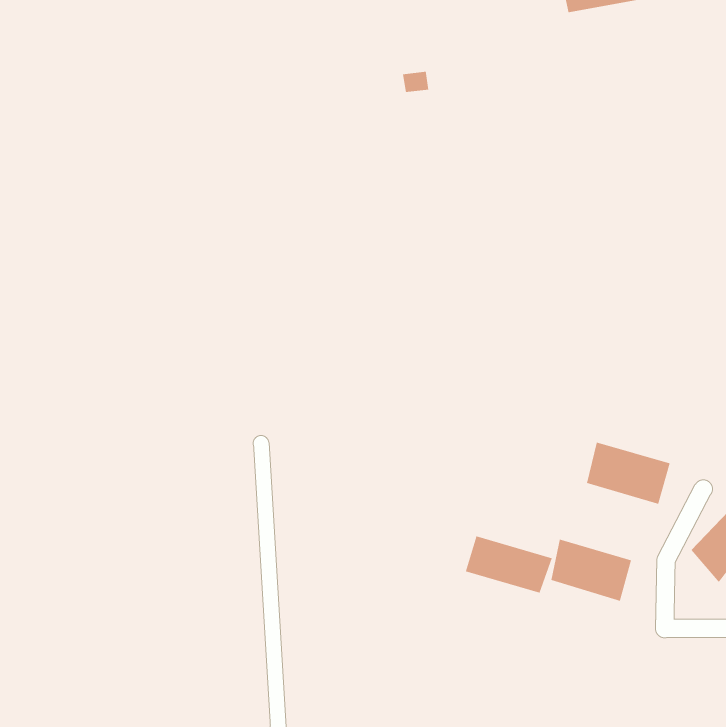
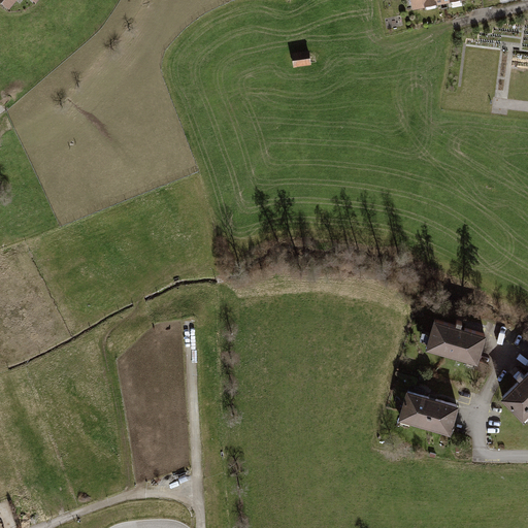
building: [465,536,552,593] -> none

